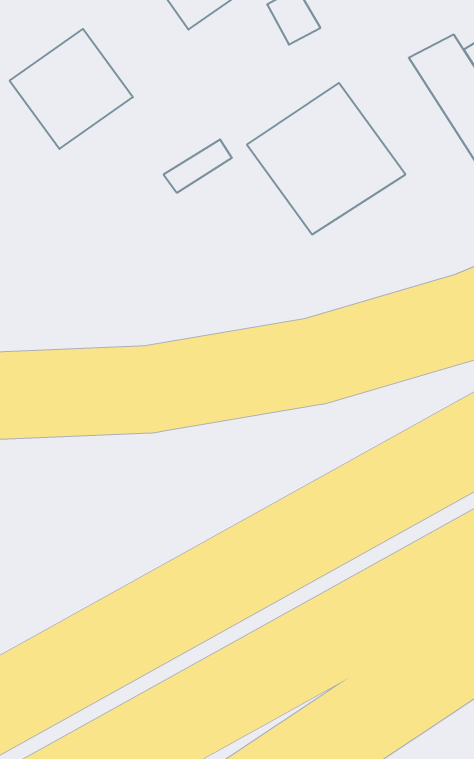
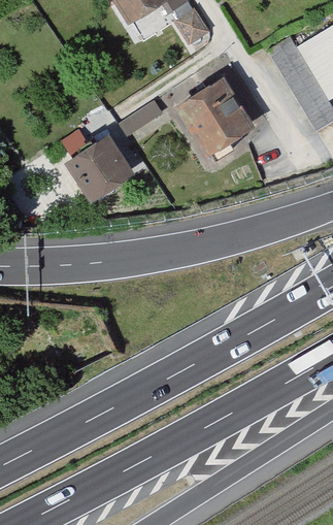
building: [10,29,133,149] -> [60,124,136,198]

